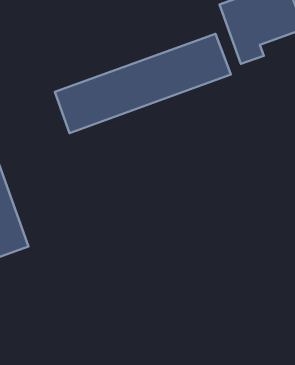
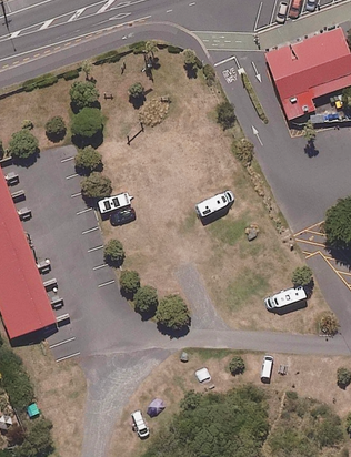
building: [55,34,231,133] -> none

